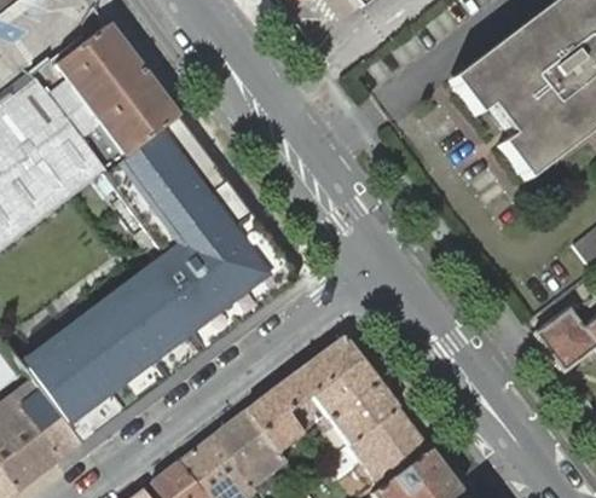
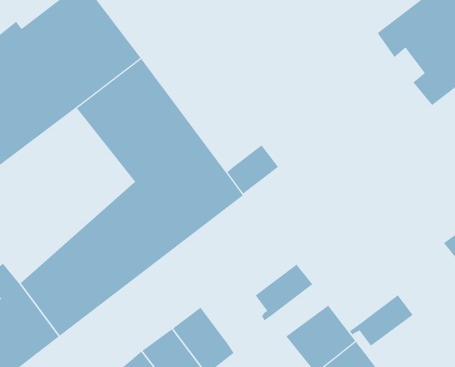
building: none -> [226,144,279,194]
building: [244,335,358,450] -> none
building: [319,380,395,441] -> [349,294,413,347]

